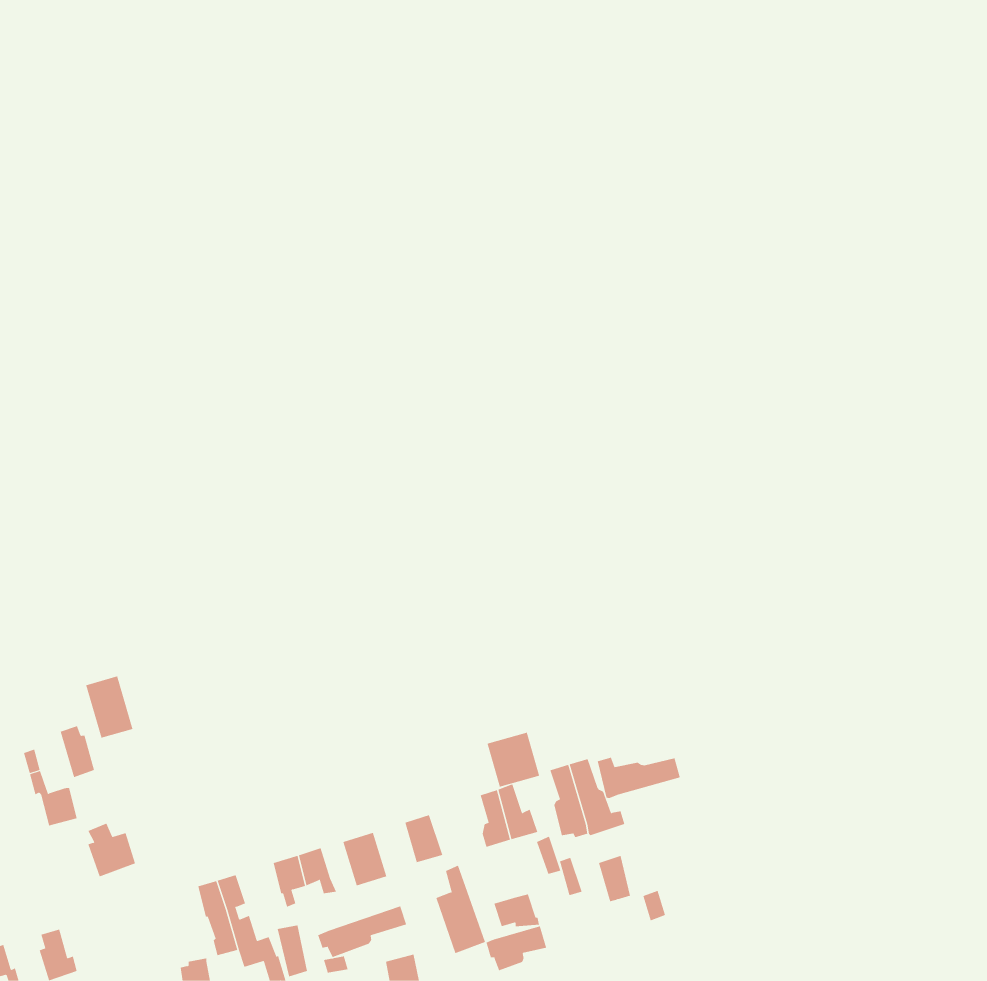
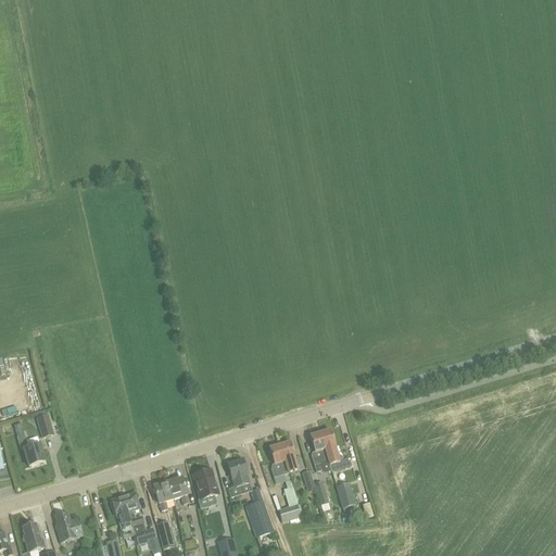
building: [85,676,133,739] -> none
building: [487,732,540,787] -> none
building: [597,757,680,799] -> none
building: [88,823,136,877] -> [54,510,81,541]
building: [317,905,407,958] -> none
building: [486,925,547,971] -> none

